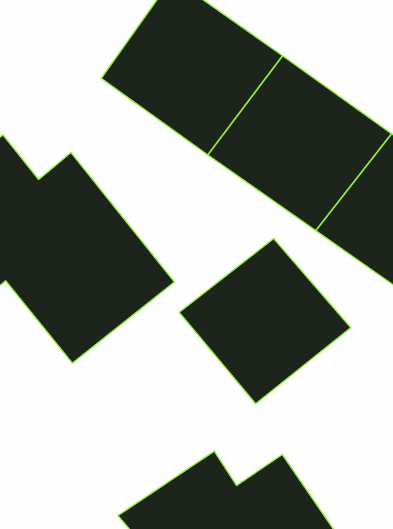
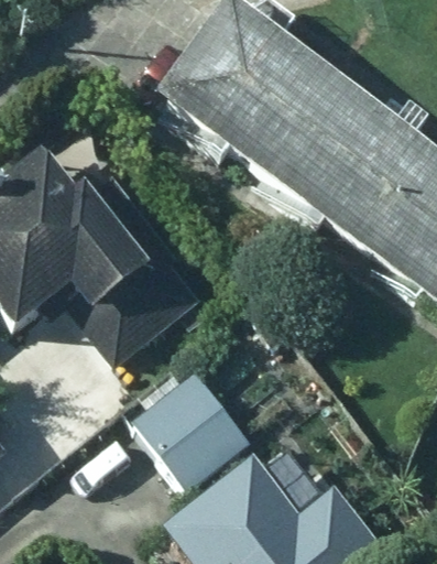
building: [179,238,351,404] -> none
building: none -> [130,370,242,485]

